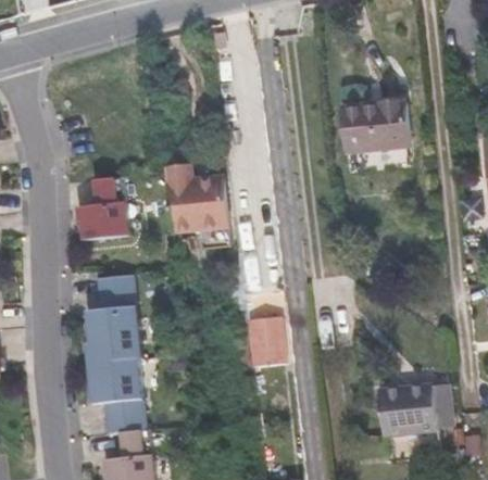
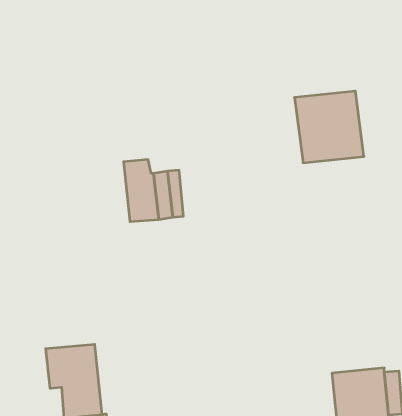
building: [77,173,129,238] -> none
building: [86,271,142,361] -> none
building: [247,318,286,368] -> none

